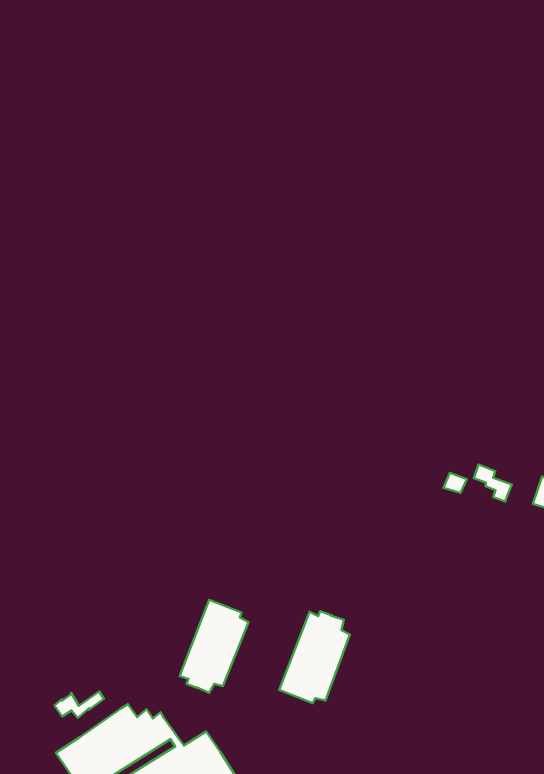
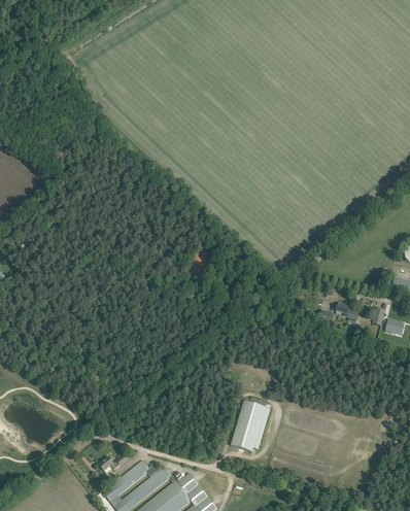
building: [180,600,249,693] -> none

